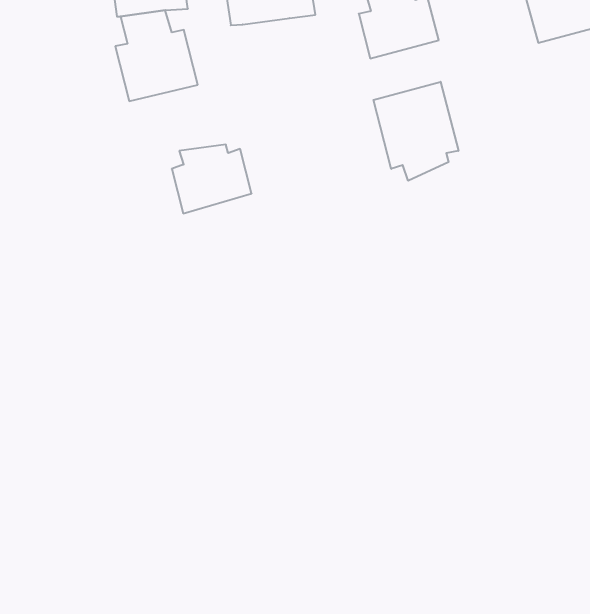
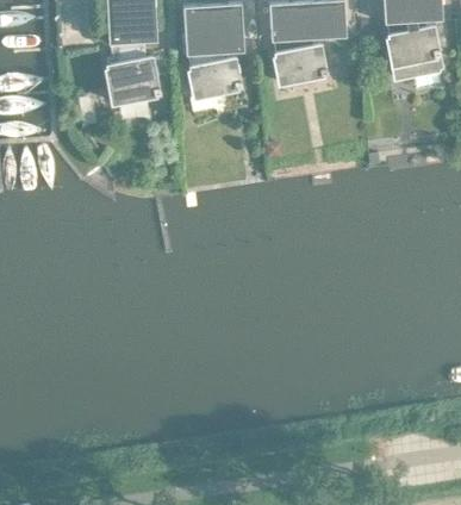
building: [373,82,458,181] -> none
building: [172,145,252,213] -> [188,51,242,96]

